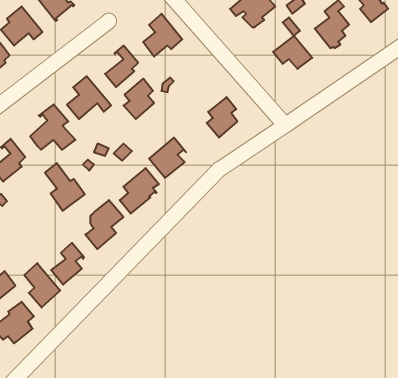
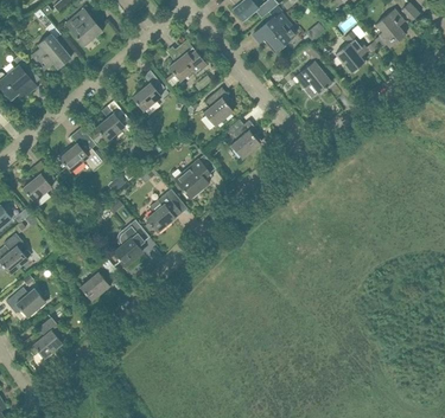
building: [123,79,154,119] -> [203,86,233,126]
building: [45,163,85,211] -> none
building: [24,263,60,308] -> none

